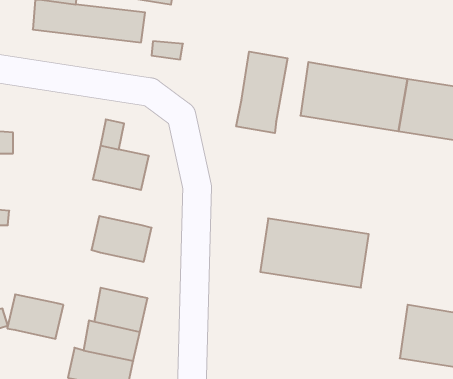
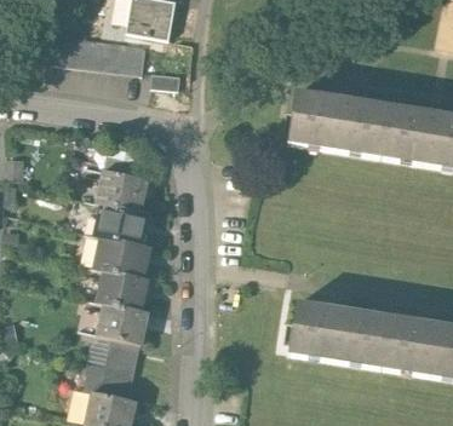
building: [236,52,288,133] -> none
building: none -> [97,201,147,242]
building: [260,218,369,288] -> [287,301,388,365]
building: [7,294,63,339] -> [96,267,148,309]

